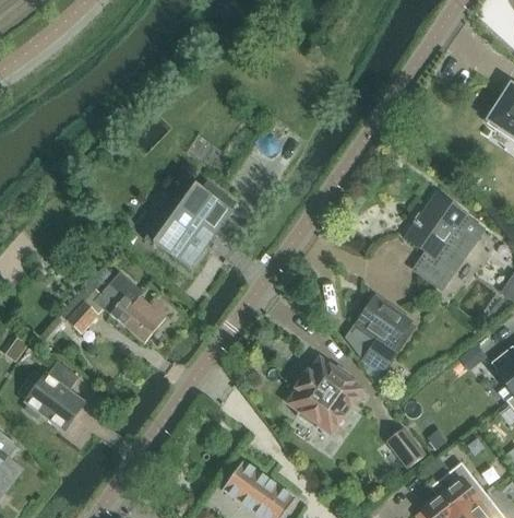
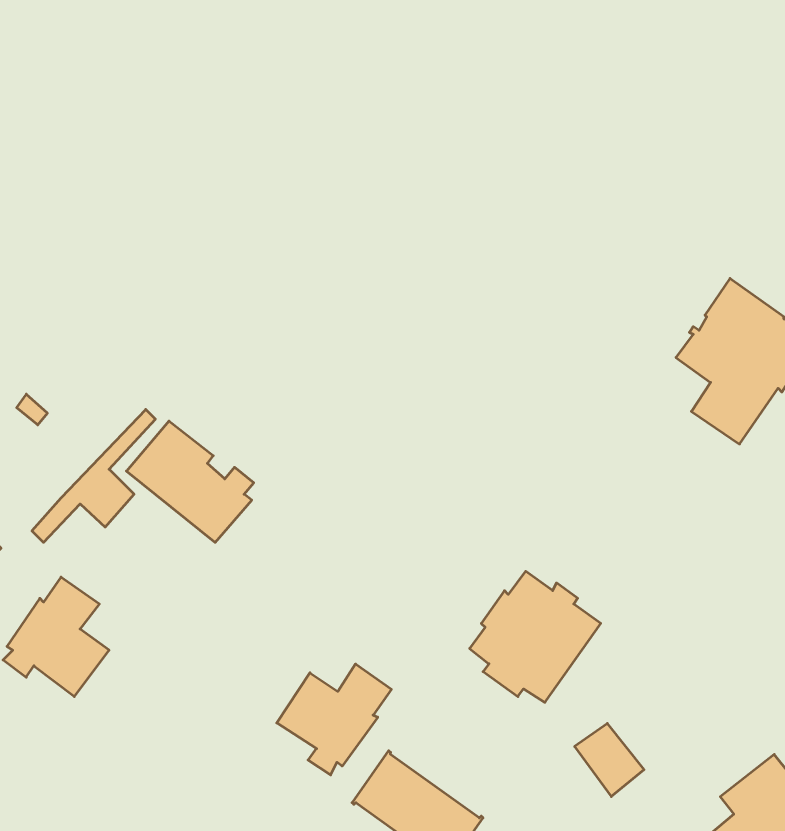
building: [146,181,231,267] -> none
building: [345,294,410,372] -> none
building: none -> [277,664,391,775]
building: [386,425,426,467] -> [575,723,644,797]

